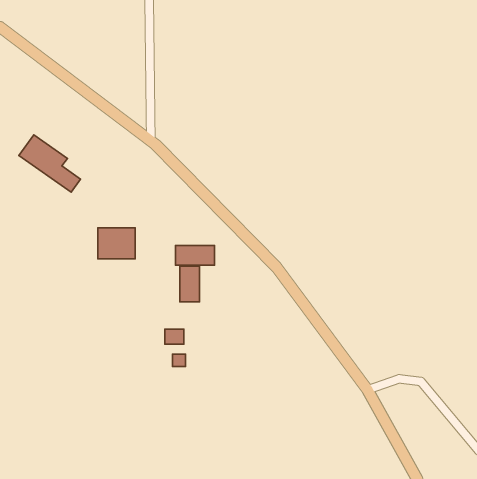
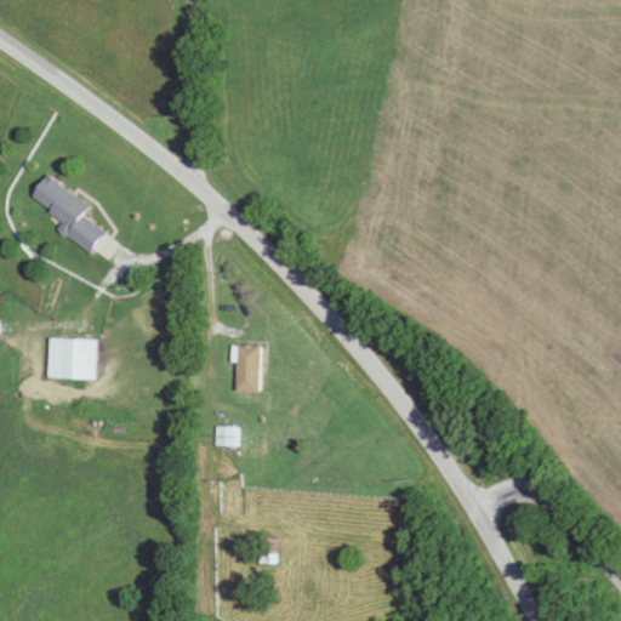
building: [98,228,135,259] -> [47,338,96,378]
building: [175,245,214,265] -> none

